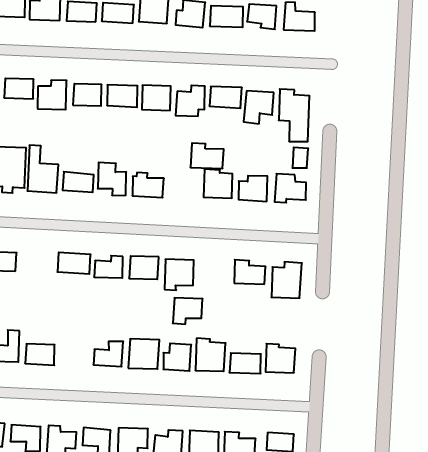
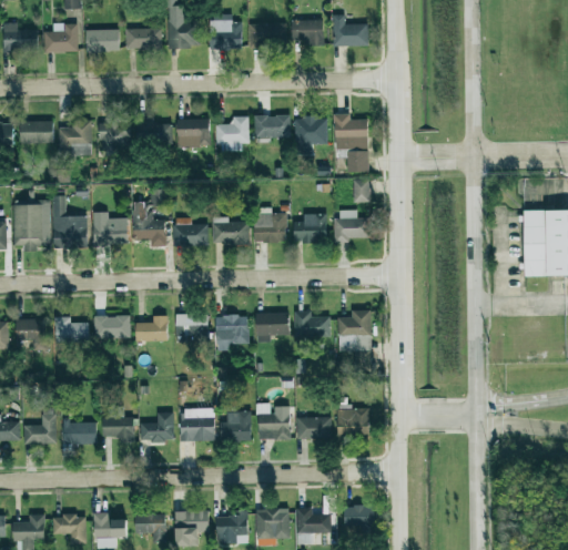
building: [190,143,224,168] -> [212,217,248,245]
building: none -> [55,317,88,344]
building: [173,298,203,324] -> [256,313,288,343]
building: none -> [102,417,134,444]

